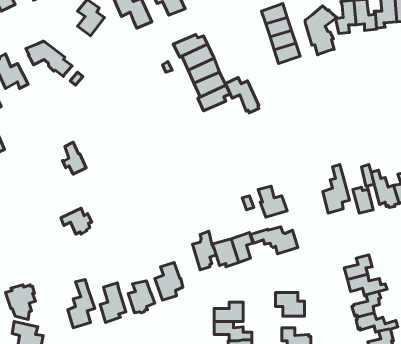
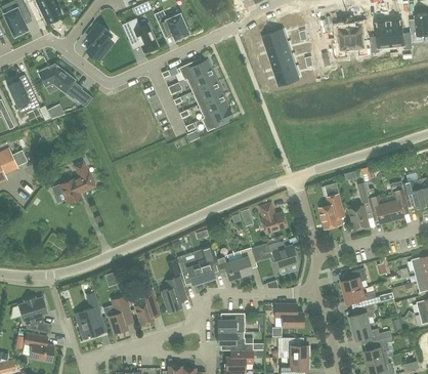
building: [305,6,337,55] -> none
building: [226,78,259,113] -> none
building: [61,208,92,234] -> [53,178,83,203]
building: none -> [177,251,204,285]

